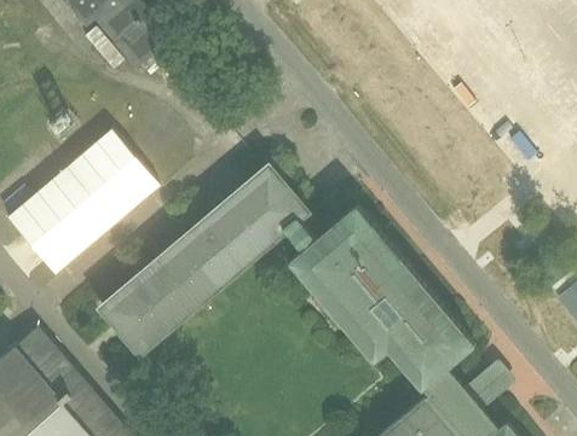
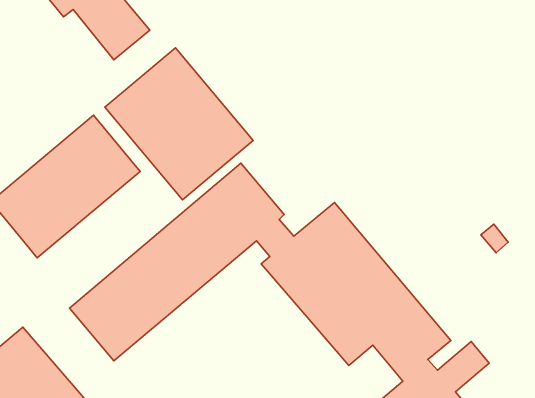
building: none -> [105,48,253,200]

